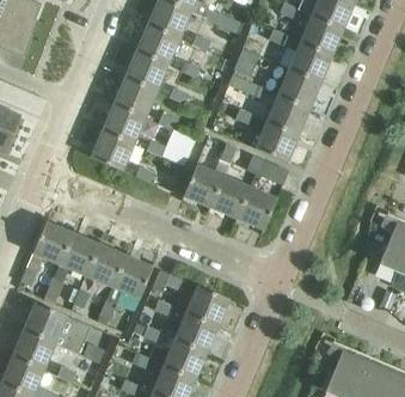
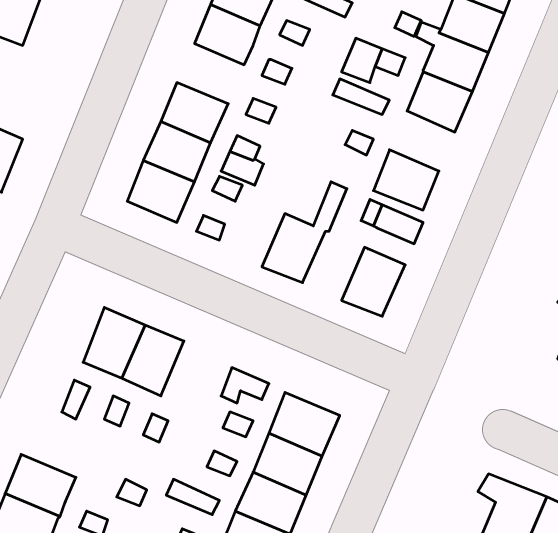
building: [123,50,168,91] -> none
building: [266,96,311,136] -> none
building: [208,177,250,224] -> none
building: [20,218,74,286] -> none
building: [112,251,154,299] -> none
building: [18,301,90,353] -> none

